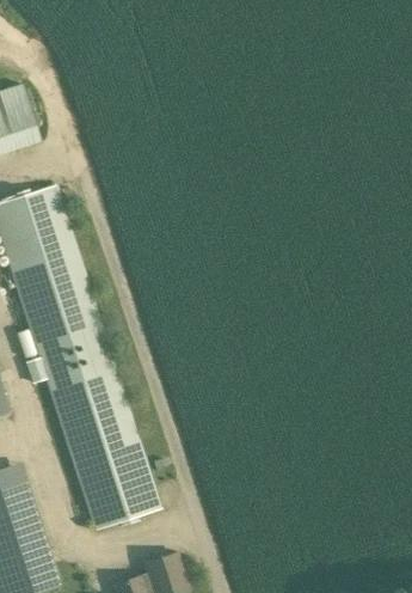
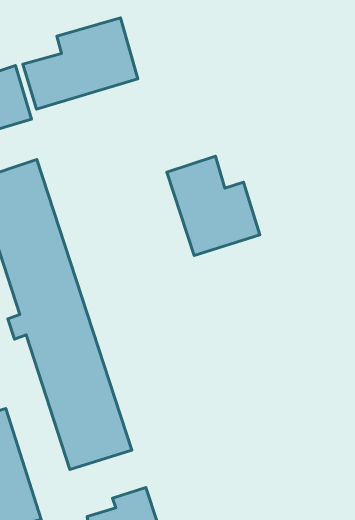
building: none -> [23,18,138,109]
building: none -> [167,156,260,255]

